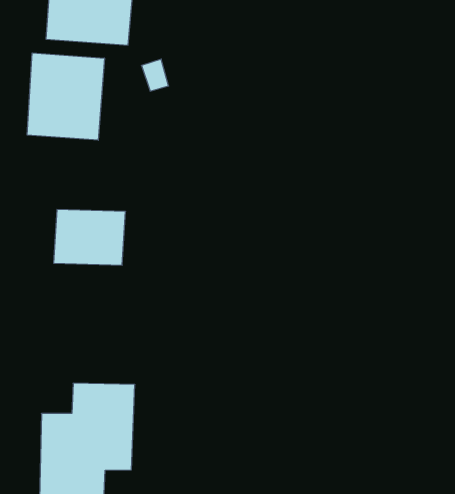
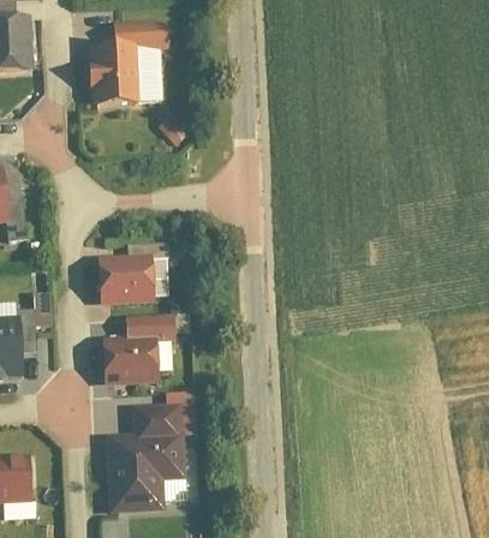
building: [27,53,104,140] -> none
building: none -> [111,309,189,387]

